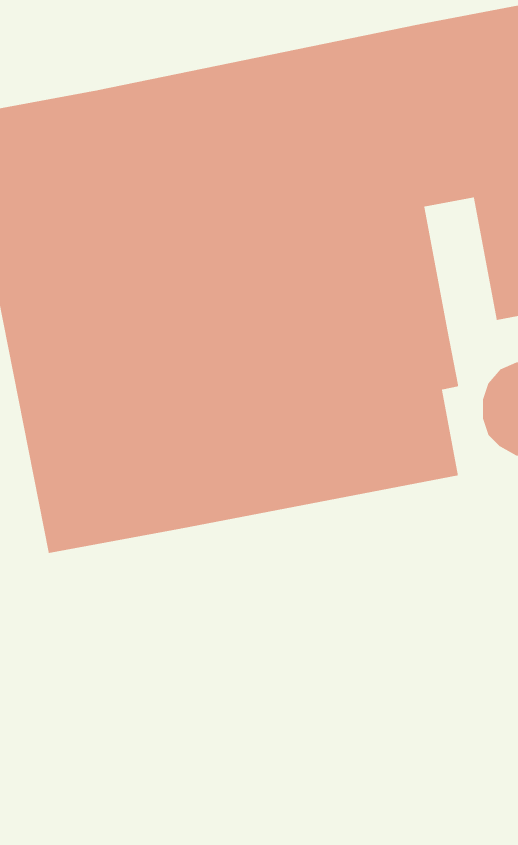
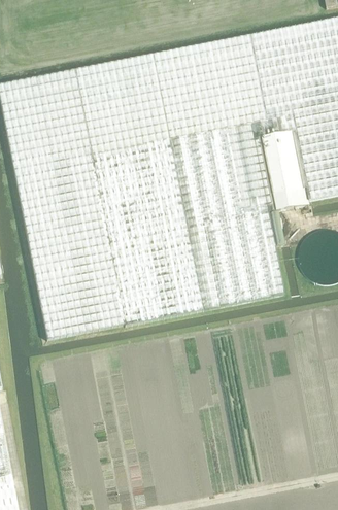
building: none -> [265,132,306,208]

